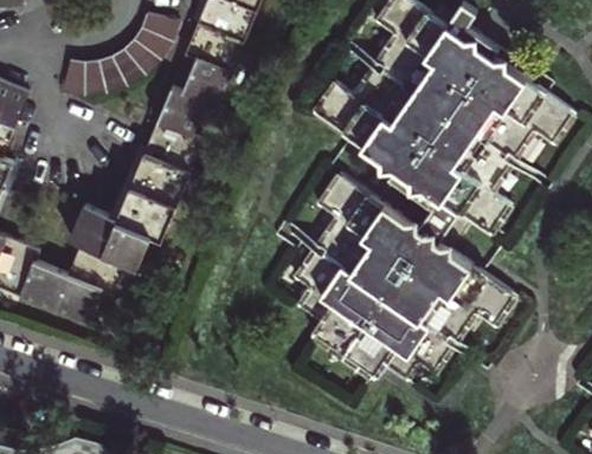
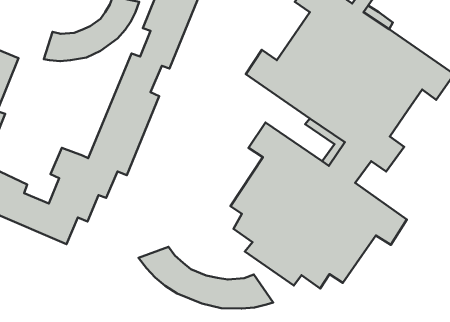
building: none -> [138,247,273,308]

